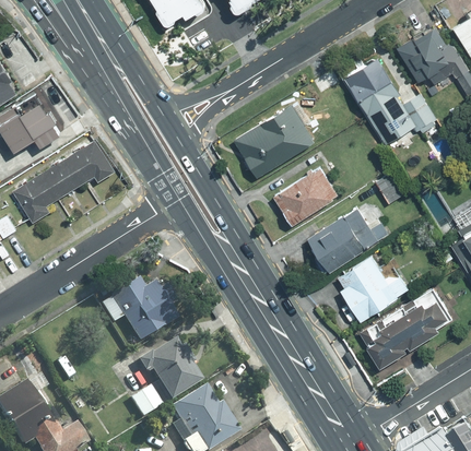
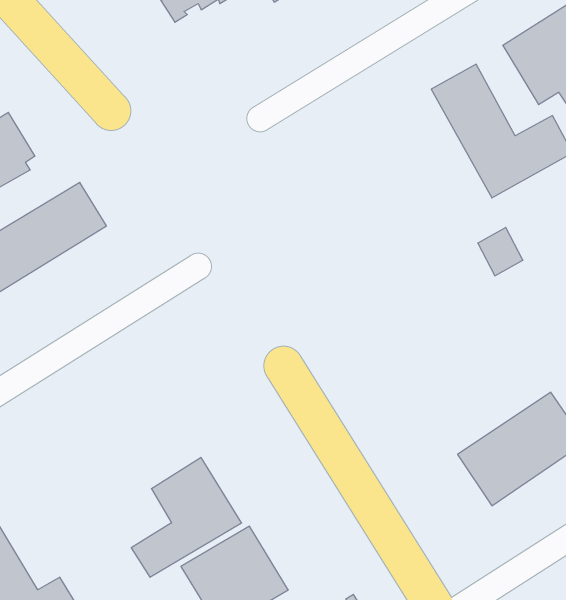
building: [231,104,313,177] -> none
building: [271,167,335,225] -> none
building: [308,206,385,270] -> none
building: [334,261,407,320] -> none
building: [115,273,191,343] -> none

